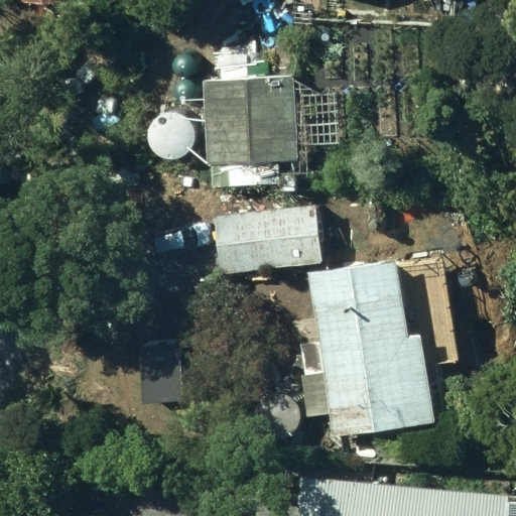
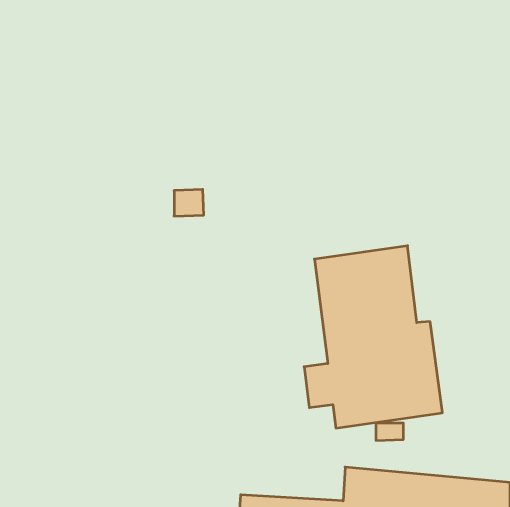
building: [200,79,294,168] -> none
building: [211,208,320,277] -> none

